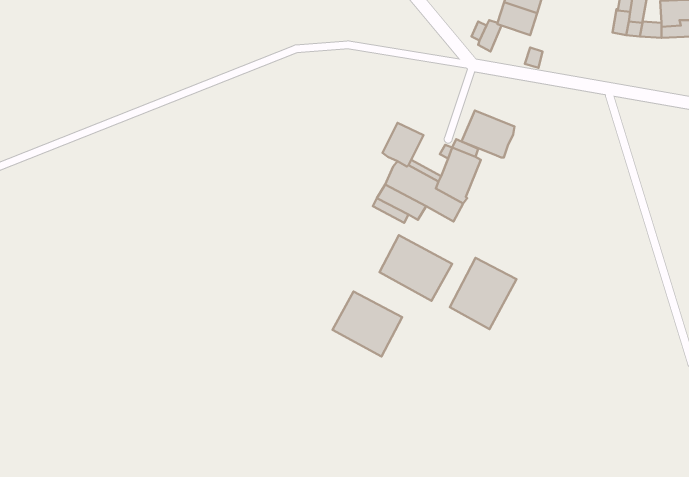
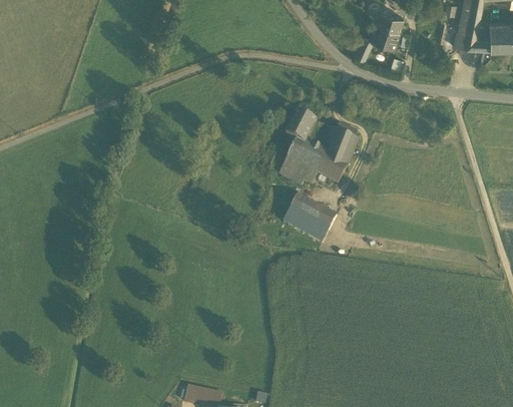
building: [462,111,514,158] -> none
building: [450,258,516,329] -> none
building: [332,292,402,356] -> none

